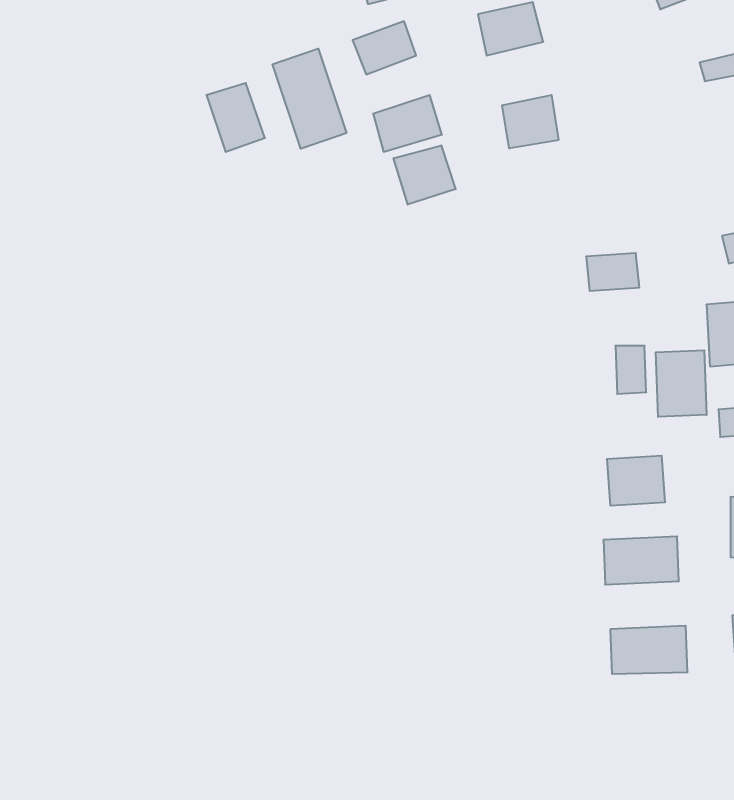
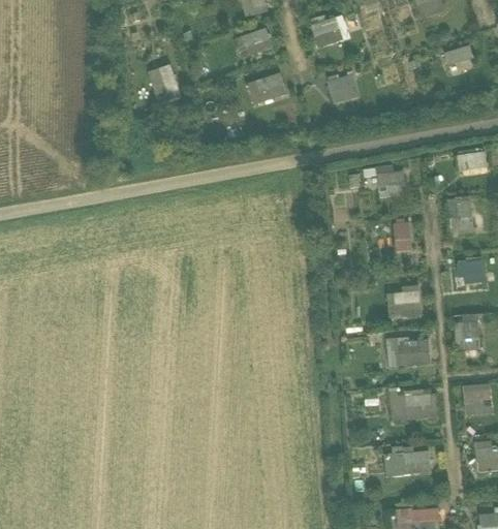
building: [273,49,346,149] -> none
building: [394,145,456,205] -> none
building: [656,350,707,417] -> none
building: none -> [385,445,430,476]

